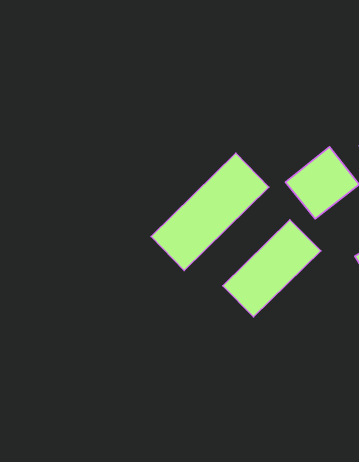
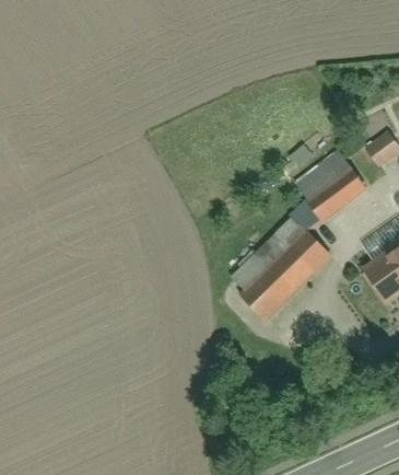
building: [151,153,269,271] -> none

